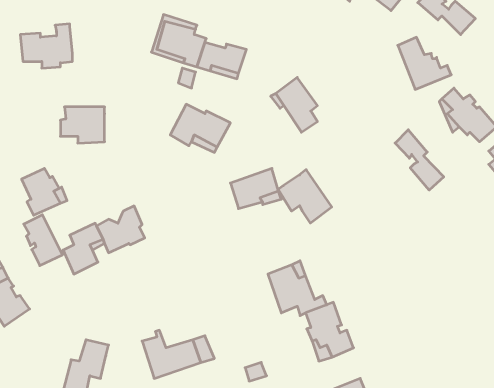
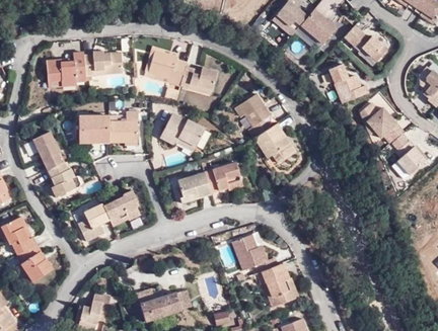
building: none -> [82,51,122,75]
building: none -> [108,111,138,142]
building: [395,130,444,190] -> none
building: [278,170,332,223] -> [253,122,294,163]
building: none -> [176,173,211,203]
building: [24,215,62,266] -> [33,132,63,170]

